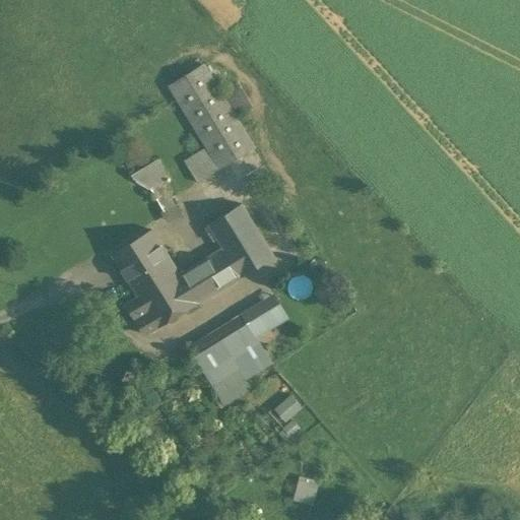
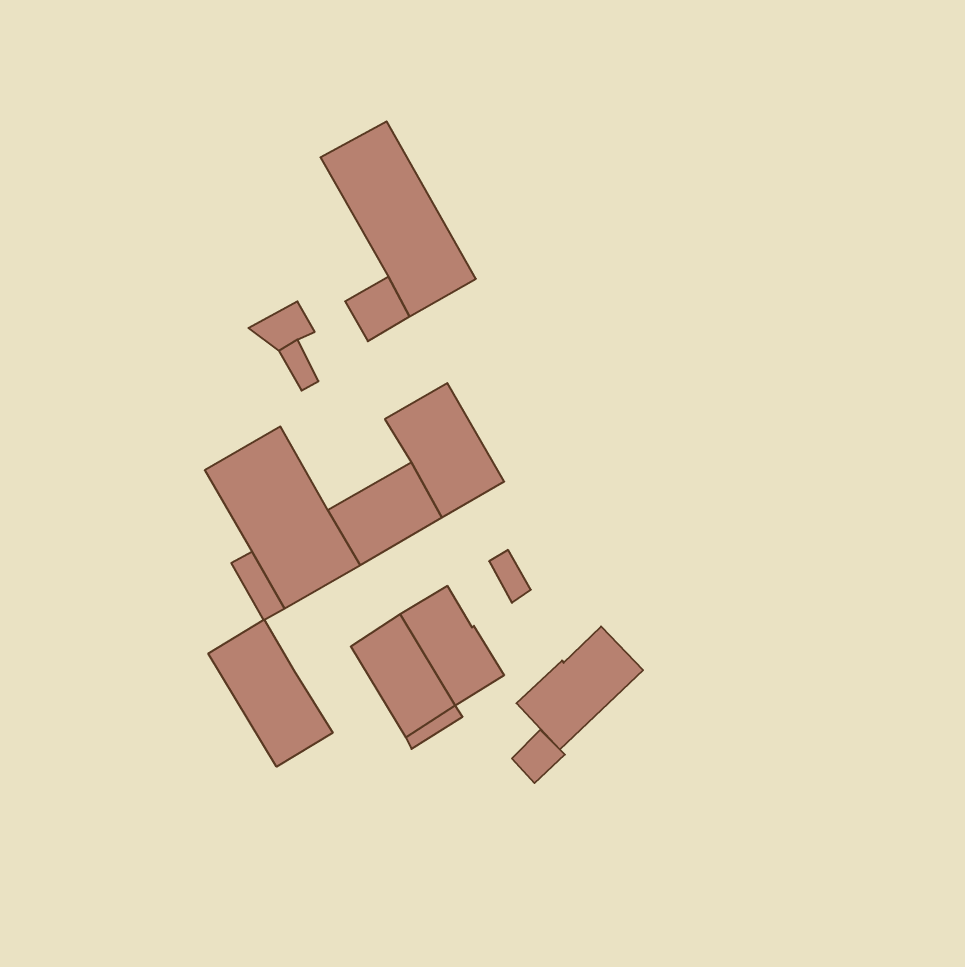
building: [240,302,274,337] -> none
building: none -> [208,620,333,767]
building: none -> [516,626,643,749]
building: [294,476,318,503] -> none

